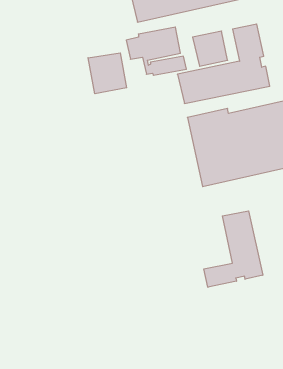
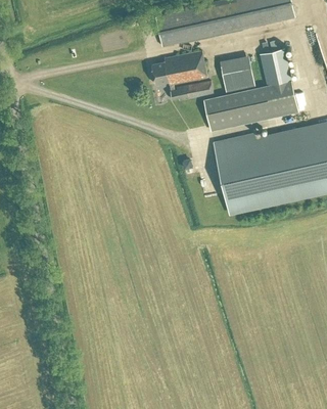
building: [88,53,127,94] -> none
building: [204,211,263,287] -> none

